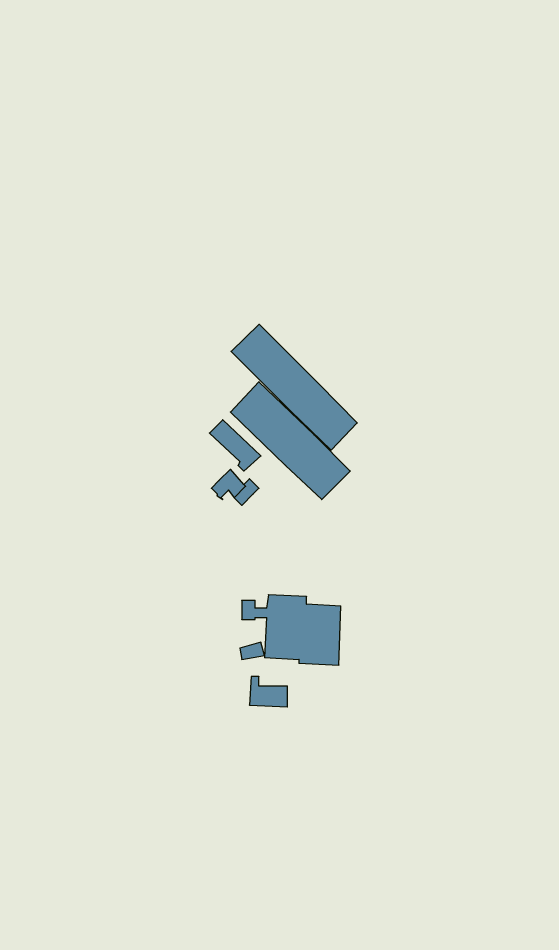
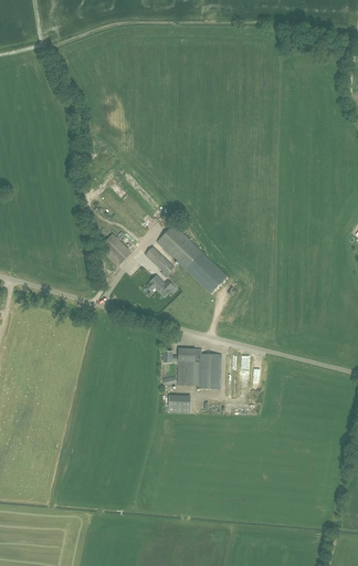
building: [231,324,357,450] -> none
building: none -> [98,232,131,266]

